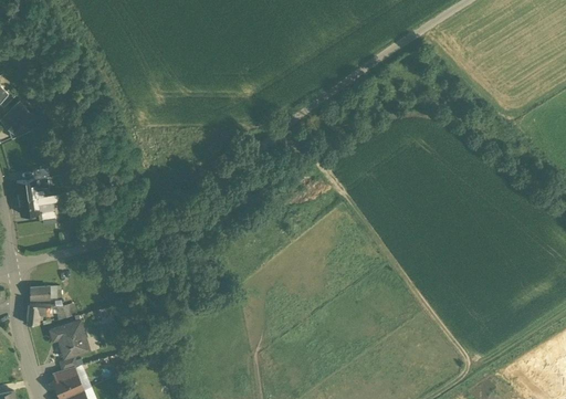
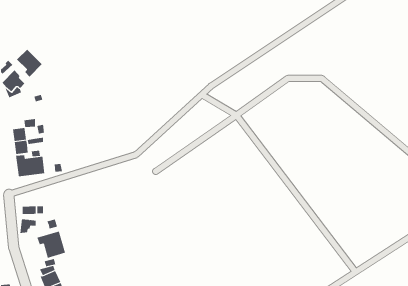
building: none -> [16,49,42,77]
building: none -> [16,154,45,177]

